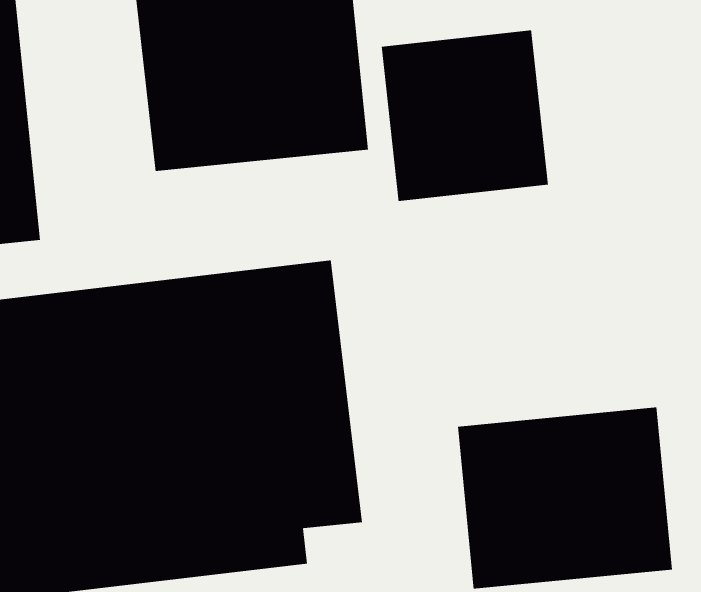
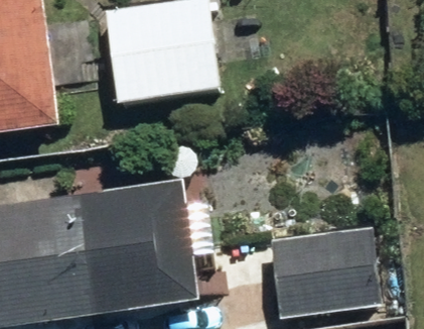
building: [381,29,548,202] -> none

